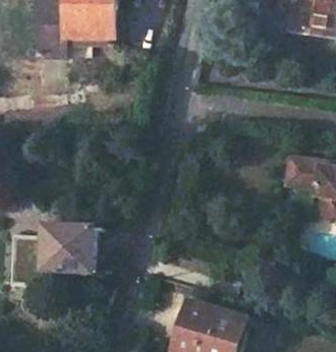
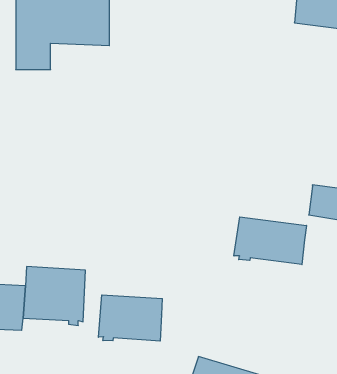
building: none -> [234,217,306,265]
building: none -> [98,295,162,341]

